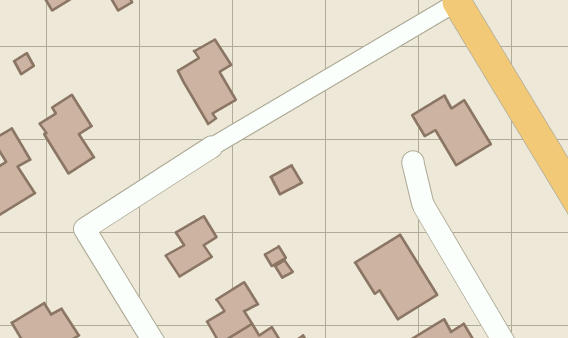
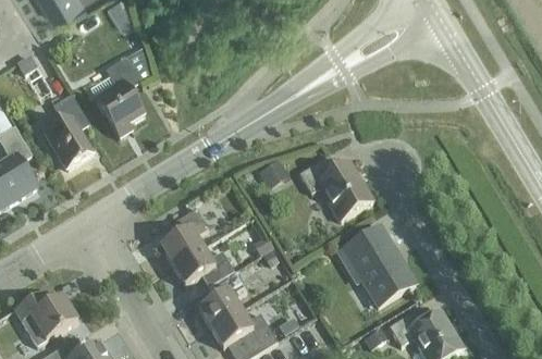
building: [178,40,236,124] -> [89,59,144,138]
building: [412,96,491,165] -> [298,156,372,221]
building: none -> [172,247,233,287]

